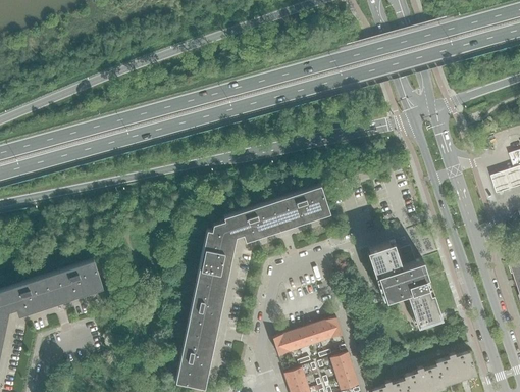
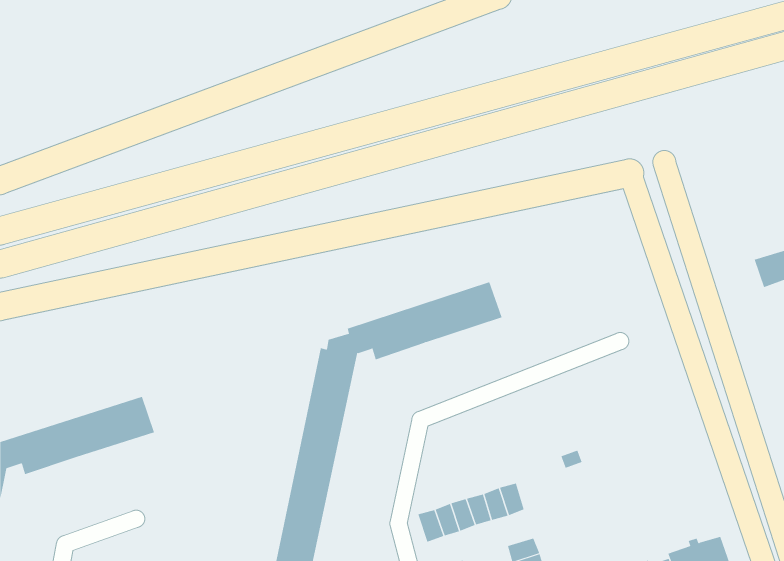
building: [368,241,440,324] -> none

